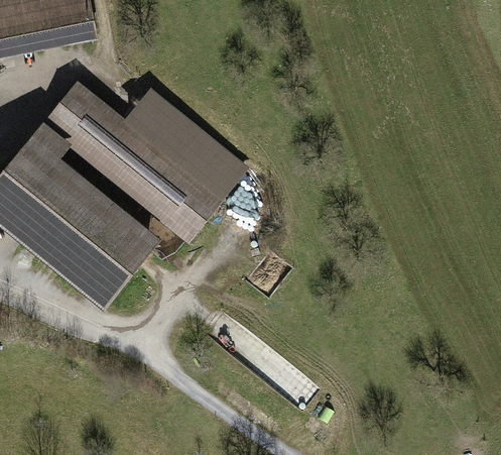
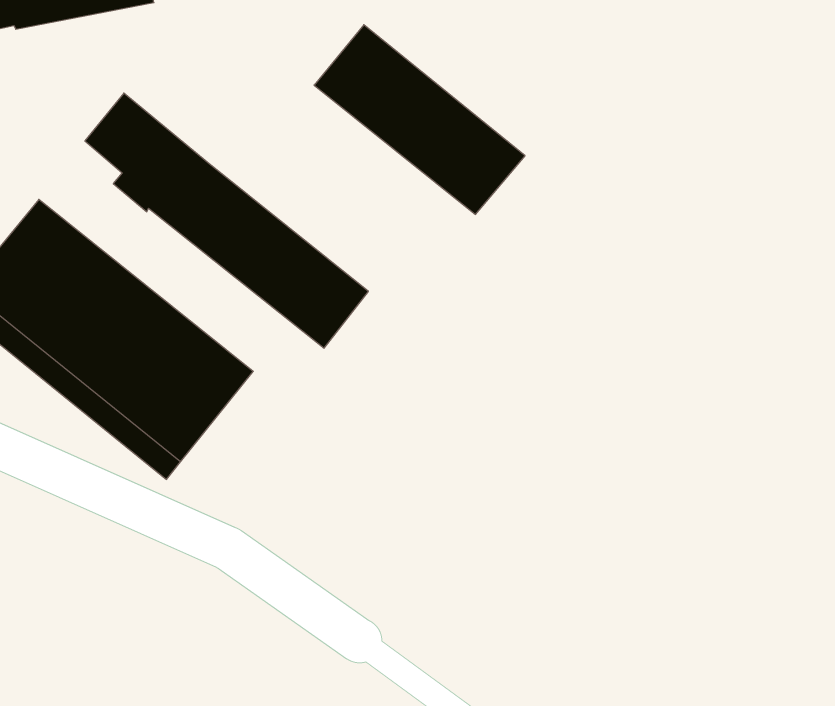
building: [123,90,243,198] -> [314,25,525,214]
building: [27,112,190,243] -> none

